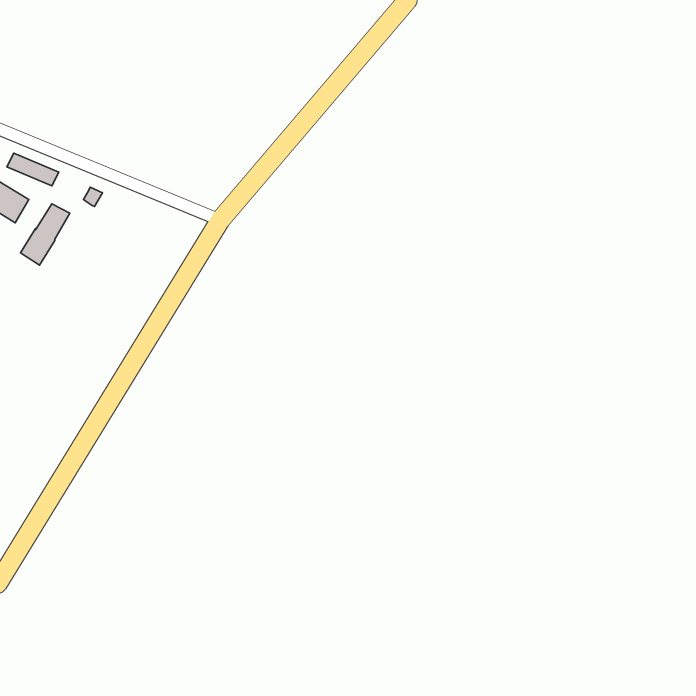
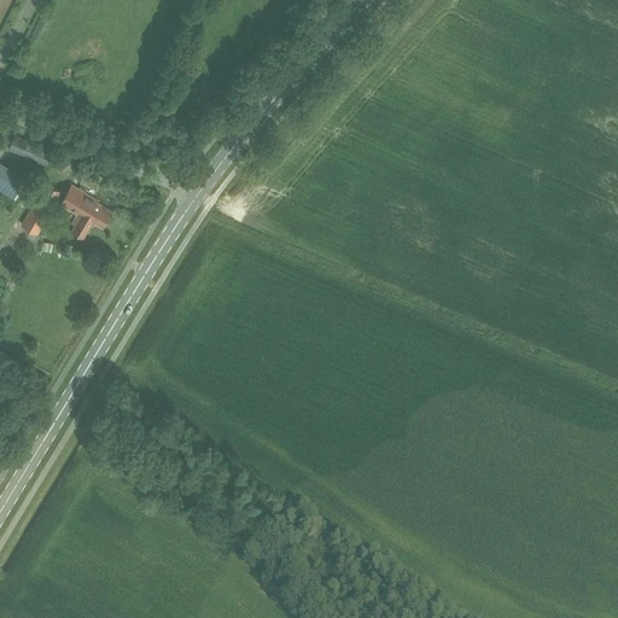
building: none -> [58,186,111,239]

